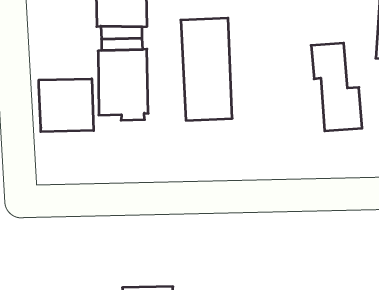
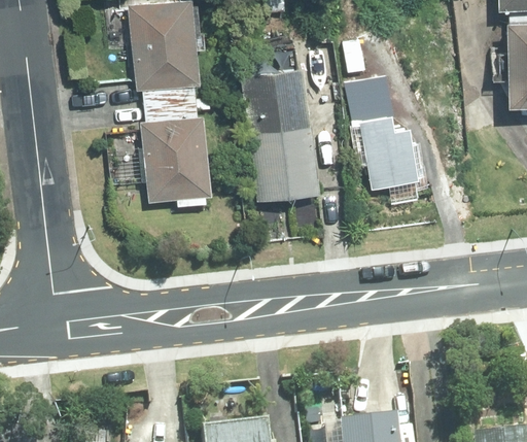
building: [311,43,362,131] -> [346,77,419,191]
building: [39,79,94,132] -> none

